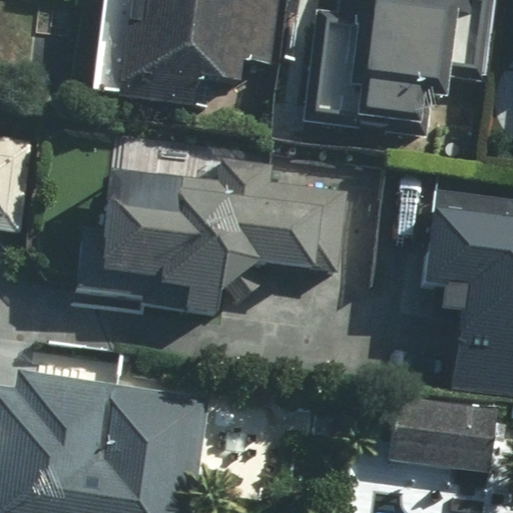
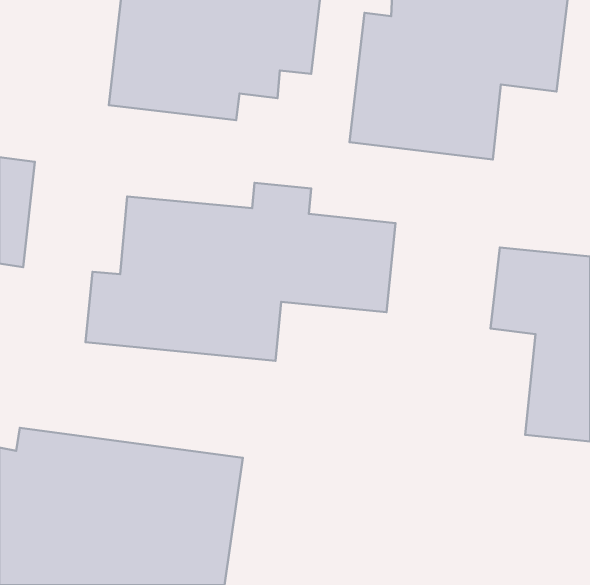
building: [391,400,495,472] -> none

